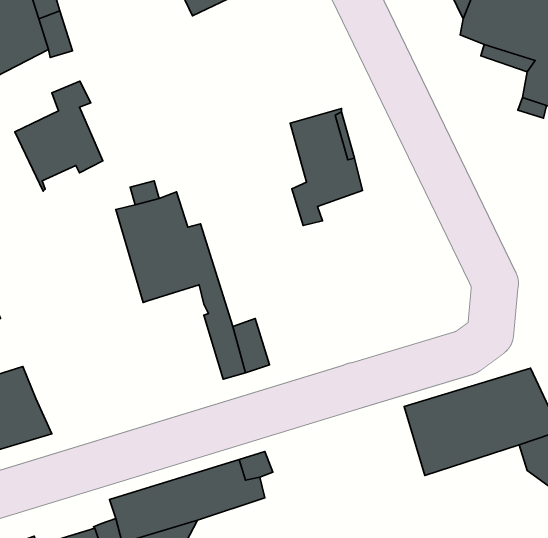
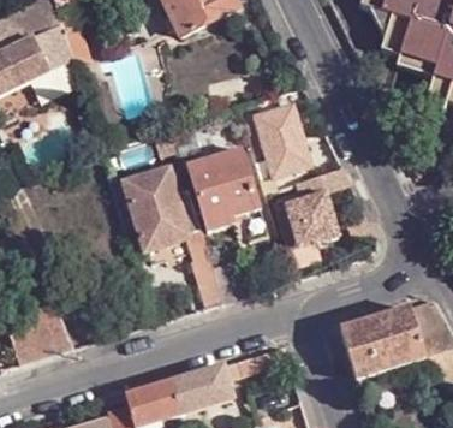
building: [15,81,103,191] -> none
building: none -> [186,147,258,228]
building: none -> [274,166,350,249]

